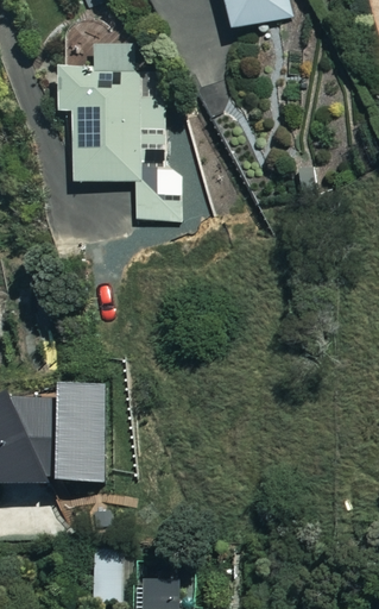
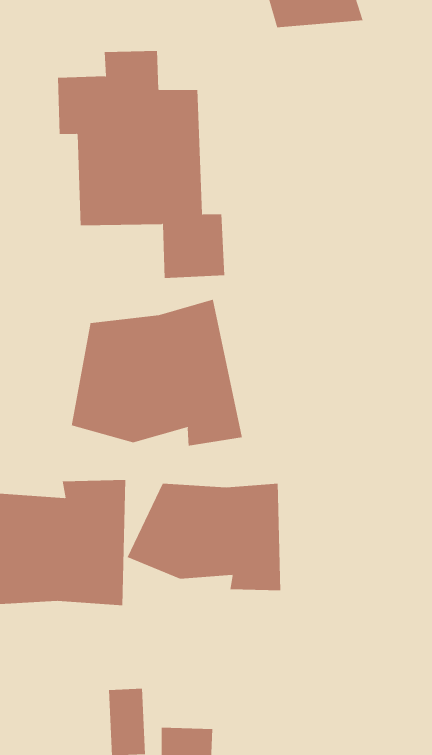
building: none -> [71,299,242,446]
building: none -> [127,483,281,591]

